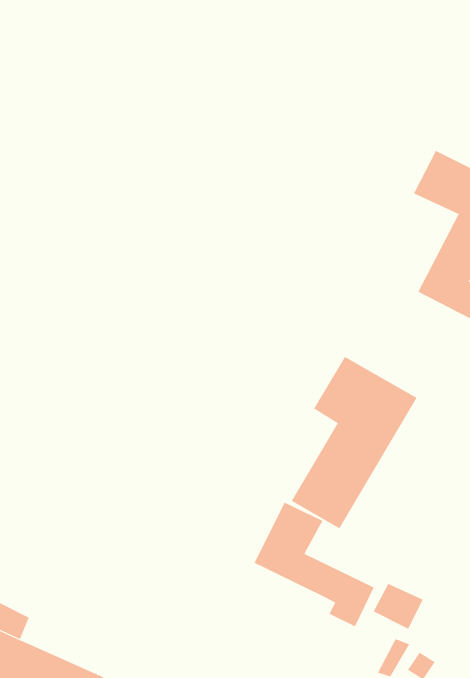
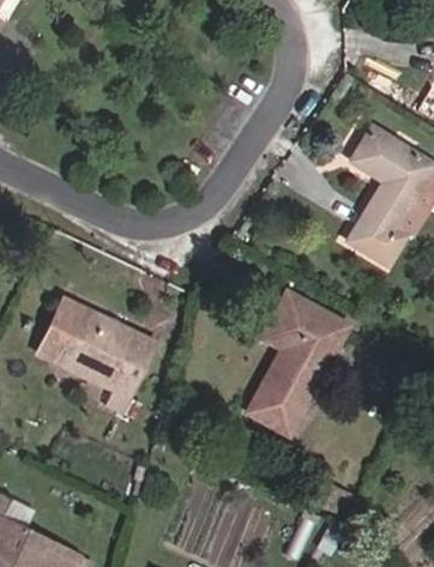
building: none -> [32,297,156,416]
building: [254,502,374,627] -> none

